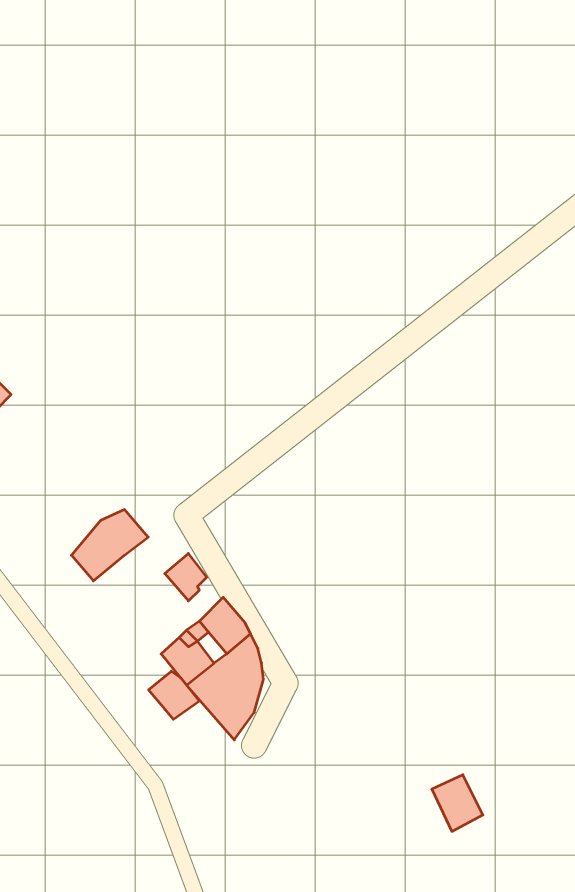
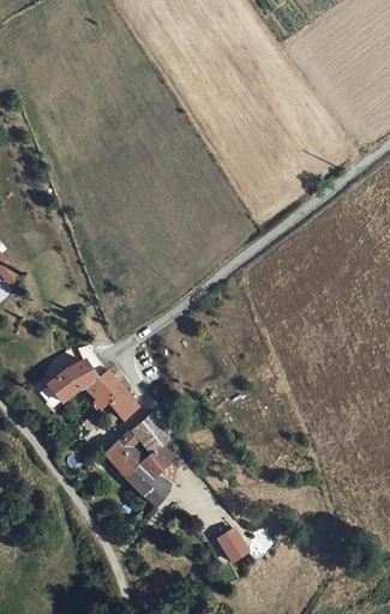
building: none -> [83,368,125,413]
building: [149,671,200,719] -> none
building: [432,775,483,831] -> [215,524,248,561]

